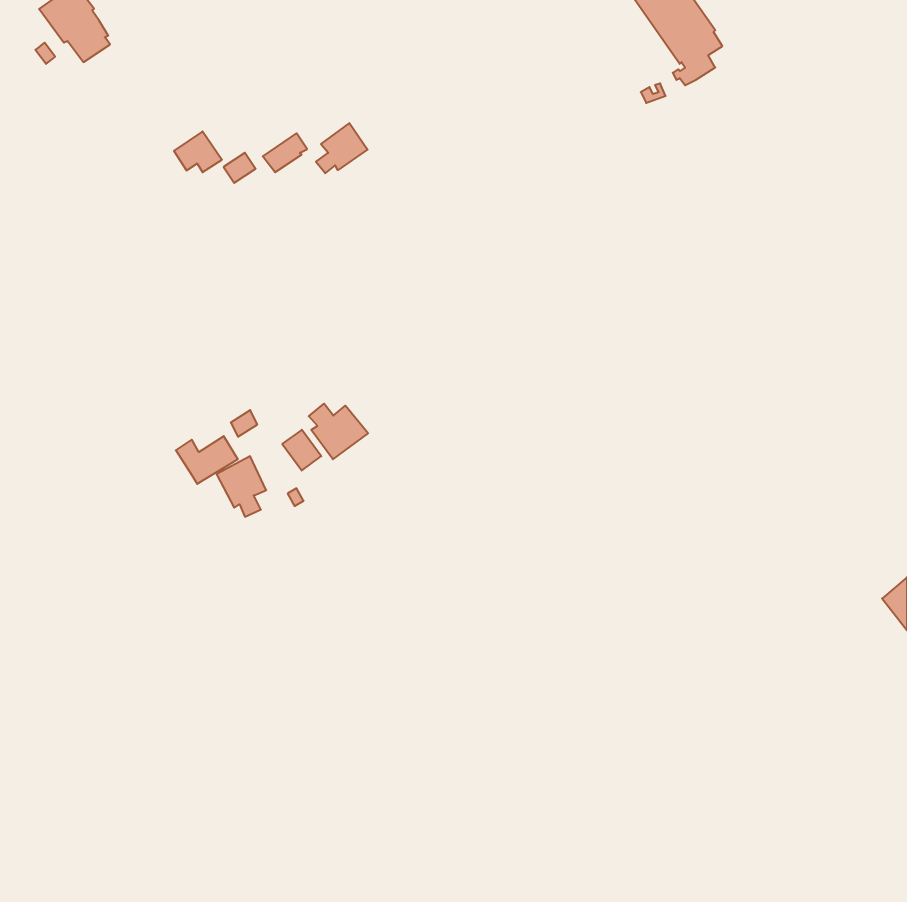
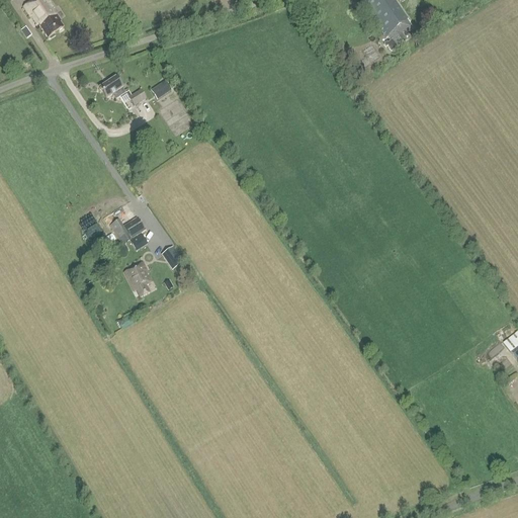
building: [316,123,368,173] -> none
building: [309,404,368,459] -> none
building: [176,436,238,484] -> [109,215,145,243]

